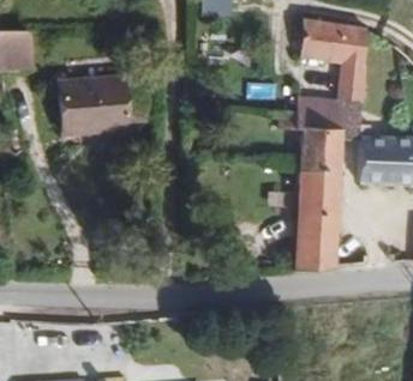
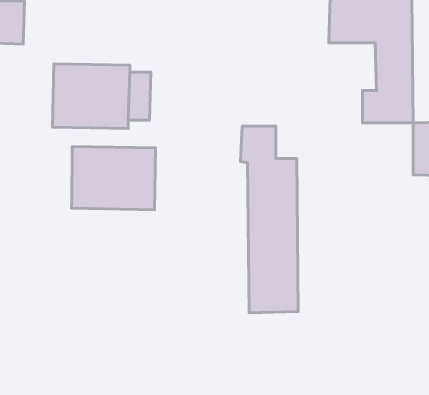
building: [288,107,337,266] -> [241,126,298,313]
building: none -> [71,146,155,210]

